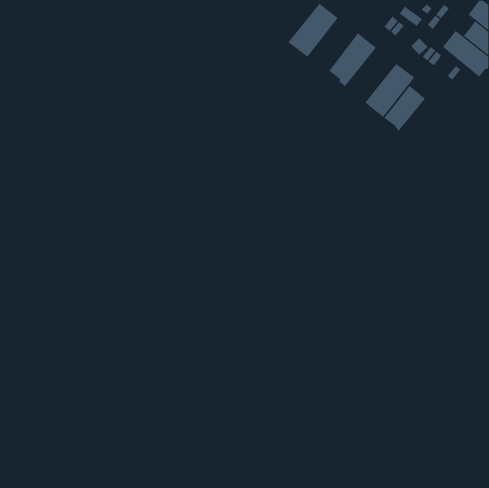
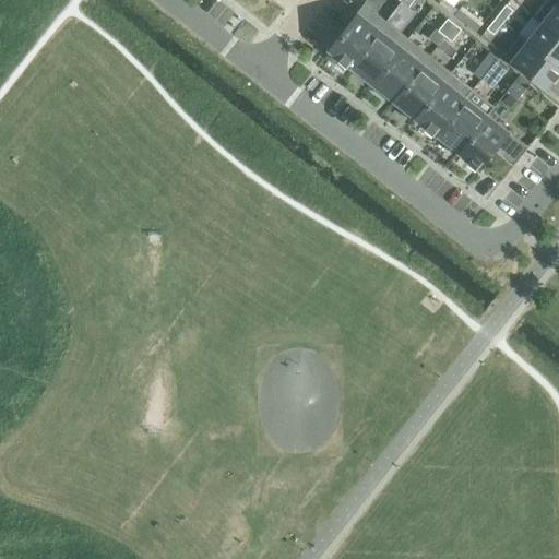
building: none -> [350,23,407,85]
building: none -> [393,57,451,119]
building: none -> [455,115,528,170]

